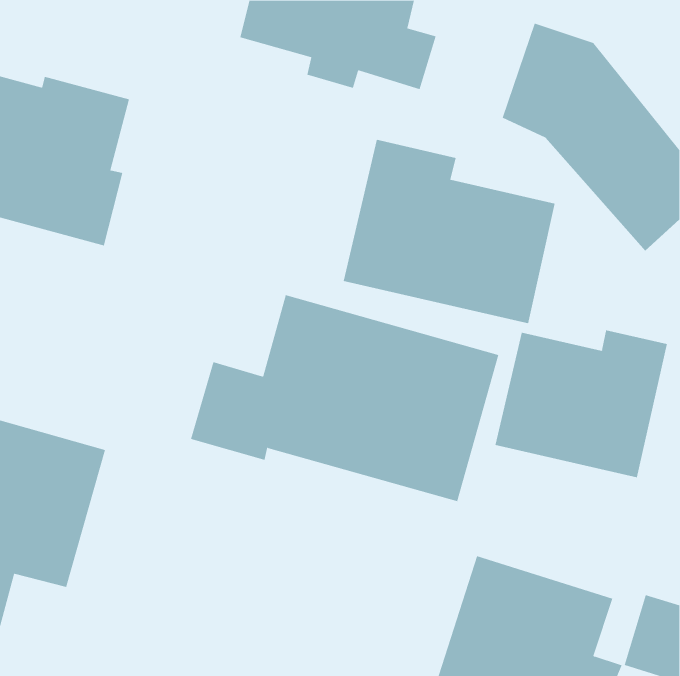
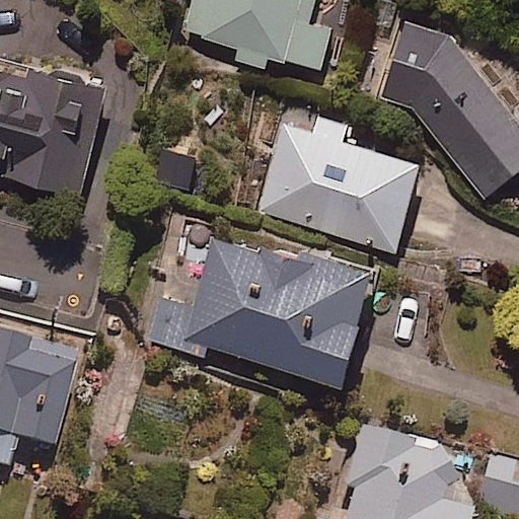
building: [495,330,667,478] -> none

